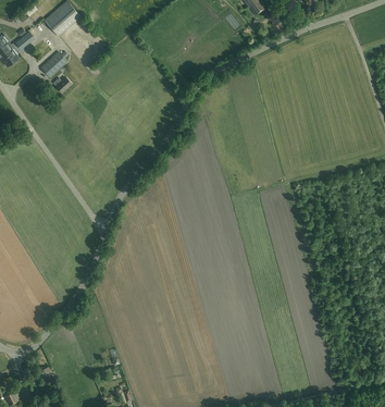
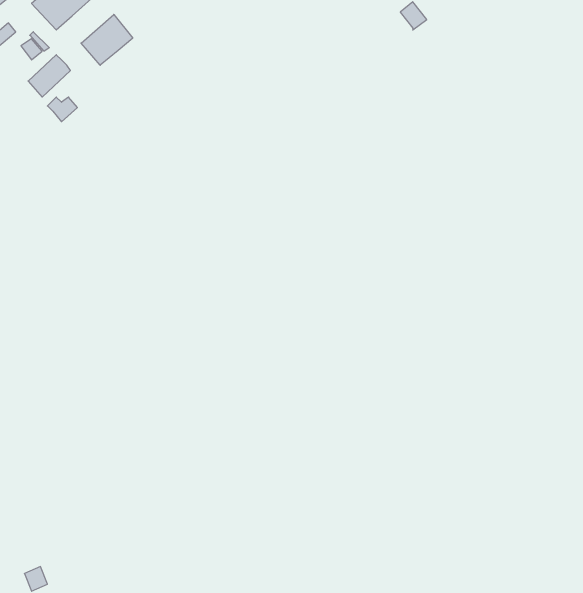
building: none -> [81,14,133,65]

